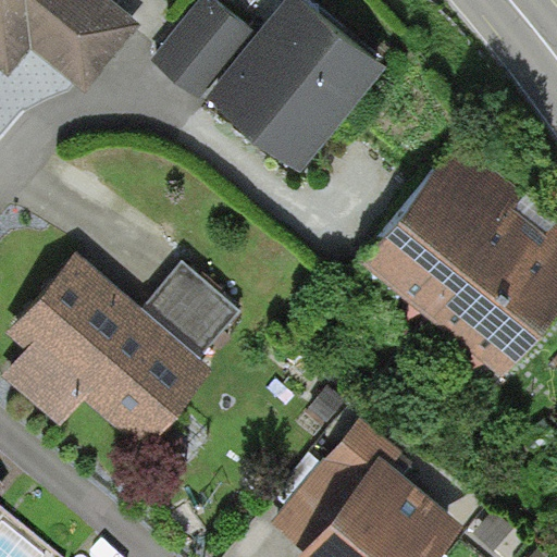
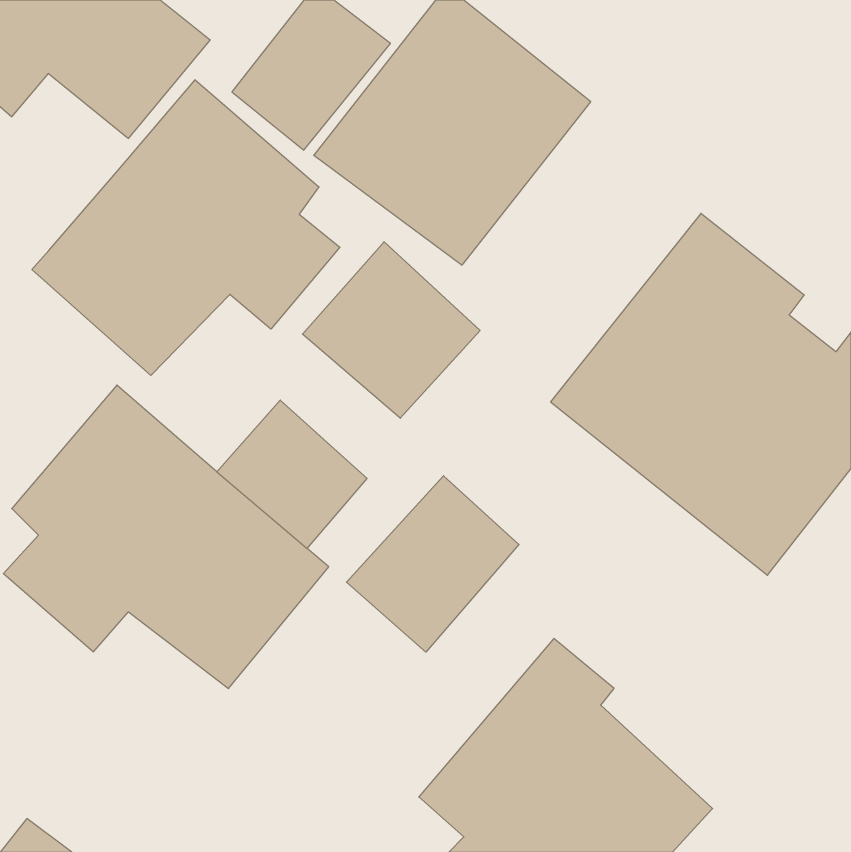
building: none -> [32,80,340,375]
building: none -> [302,242,480,418]
building: none -> [346,476,519,652]

